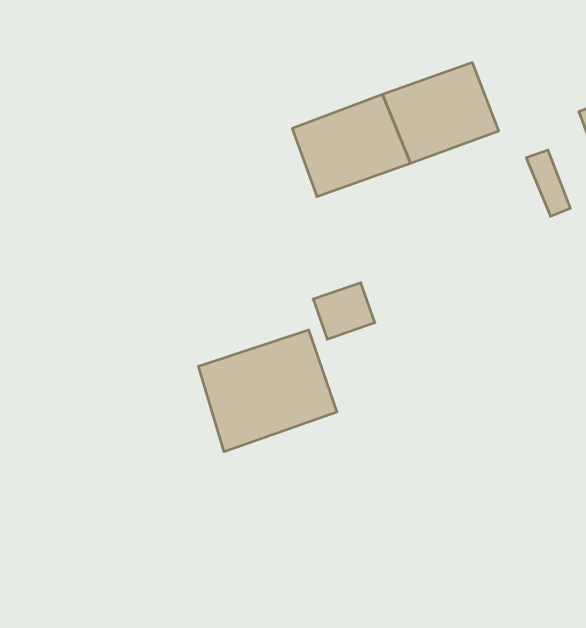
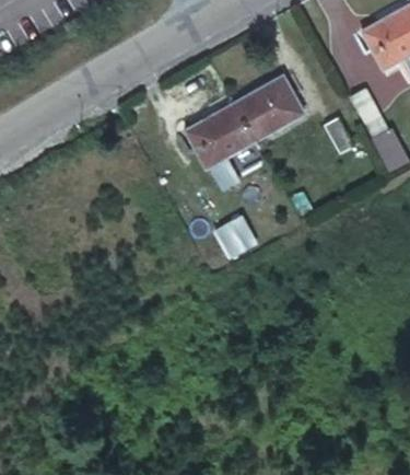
building: [199,330,337,452] -> none

